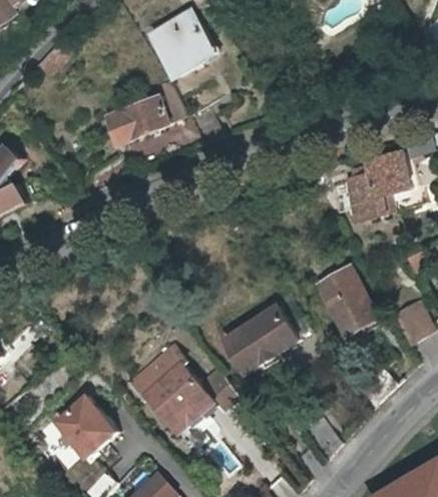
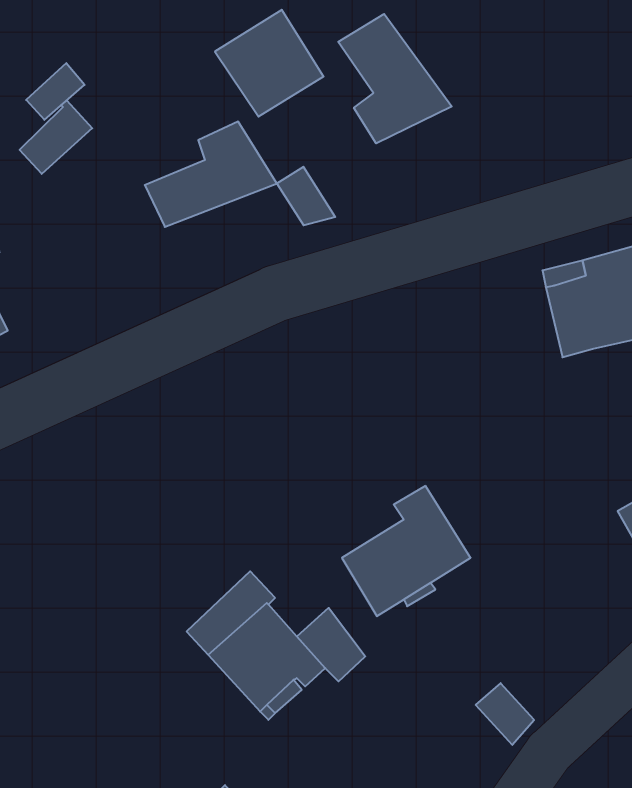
building: none -> [338,14,452,143]
building: none -> [20,101,92,174]
building: [317,268,377,335] -> none
building: [50,392,119,461] -> none

